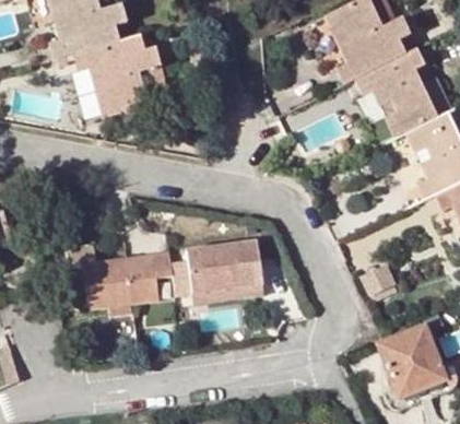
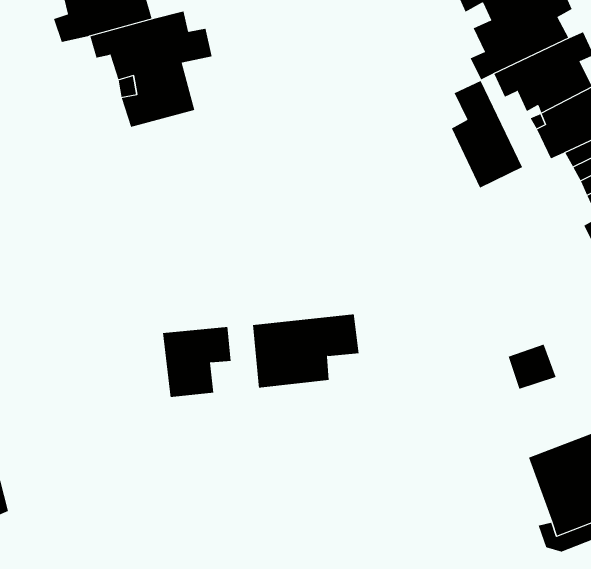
building: none -> [451,80,523,189]
building: [69,244,130,306] -> none
building: [191,271,263,305] -> none

